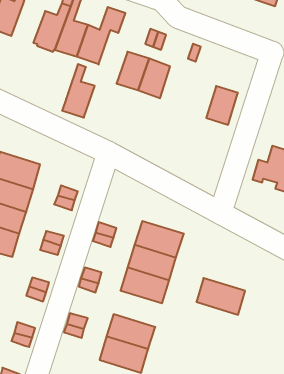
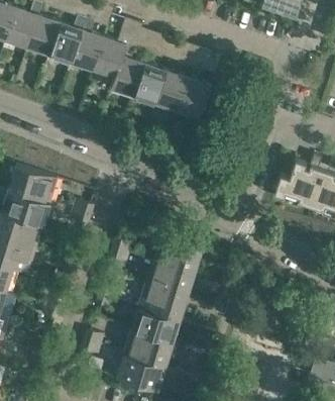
building: none -> [26,17,61,57]
building: [62,64,95,118] -> [111,43,144,98]
building: [206,86,238,125] -> [178,81,210,120]
building: [196,278,245,315] -> [130,309,180,346]

